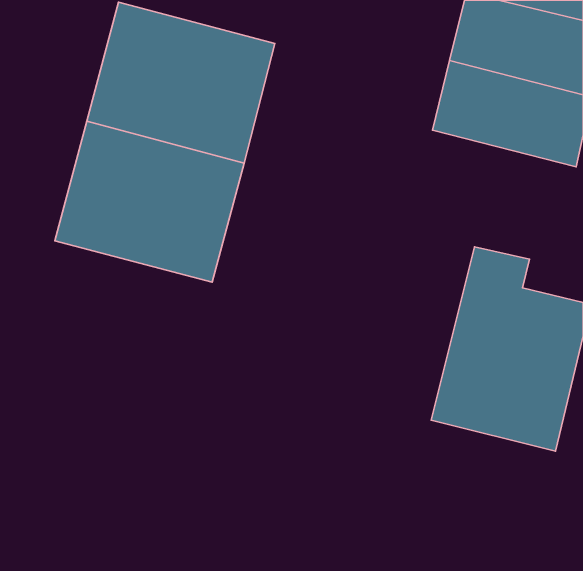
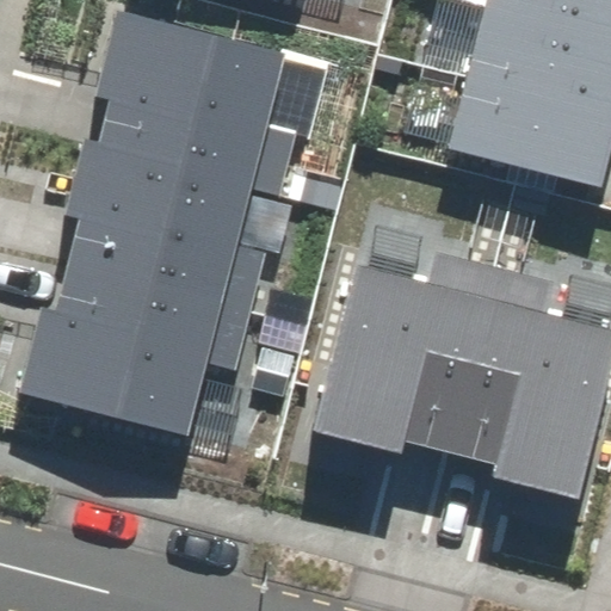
building: none -> [322,255,496,452]
building: none -> [24,265,222,433]

